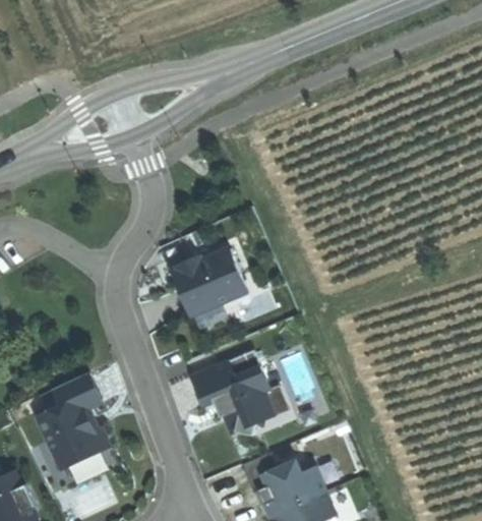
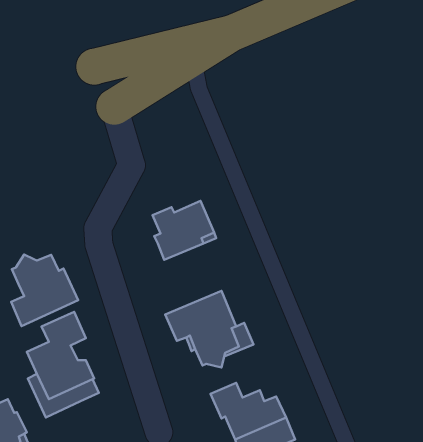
building: none -> [11,254,78,326]

